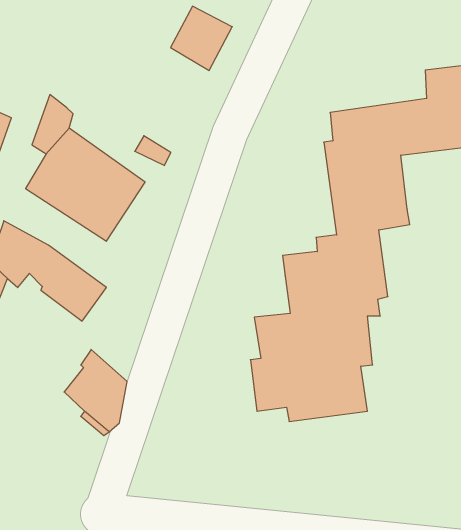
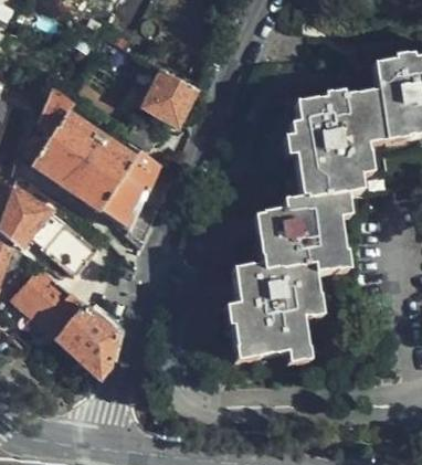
building: [171,6,232,71] -> [145,68,198,124]
building: none -> [103,149,160,247]
building: none -> [19,268,89,339]

